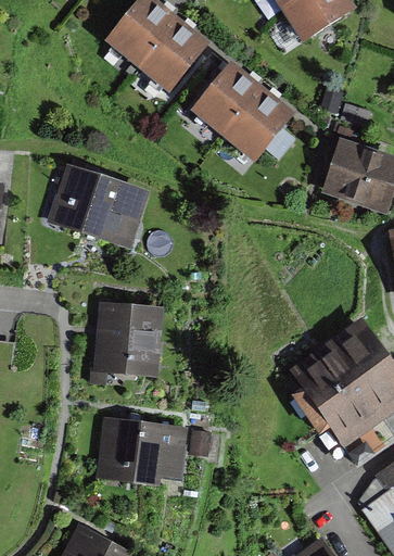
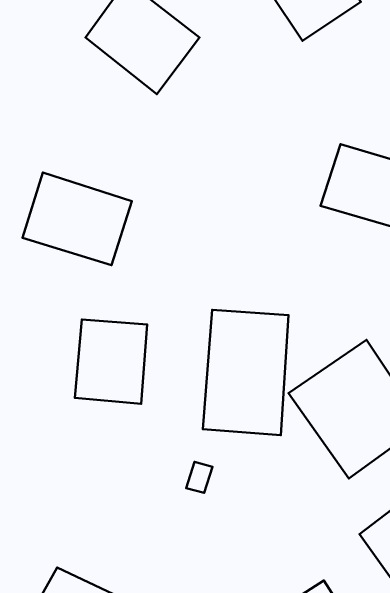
building: [192,62,292,162] -> none
building: none -> [203,310,289,435]
building: [98,416,183,484] -> none

